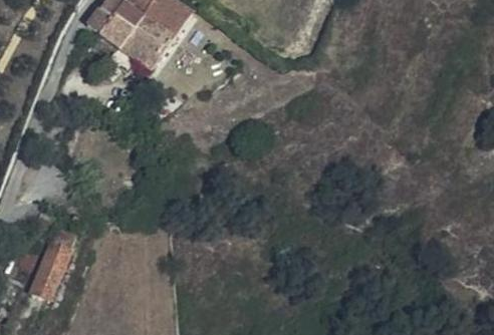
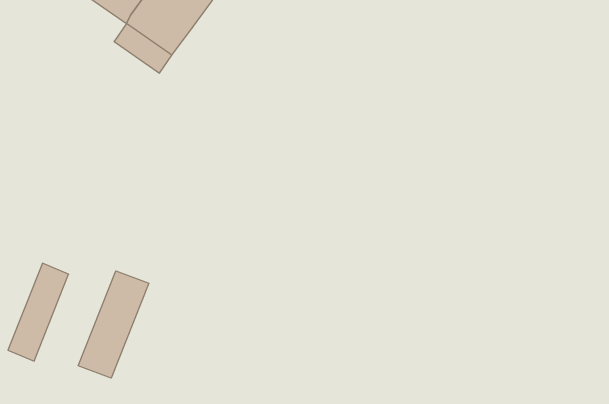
building: none -> [78,271,149,378]

